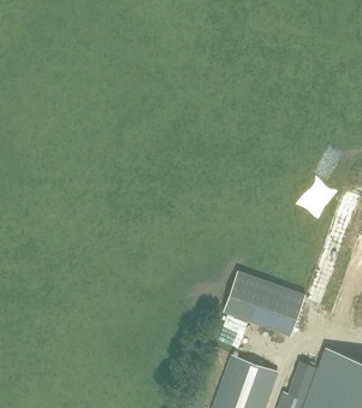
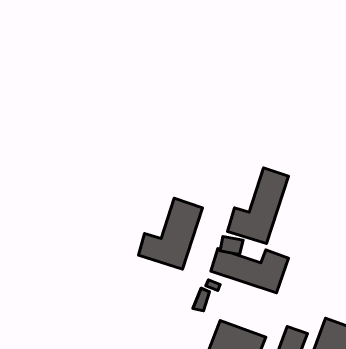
building: none -> [228,168,288,244]
building: none -> [138,198,203,269]

